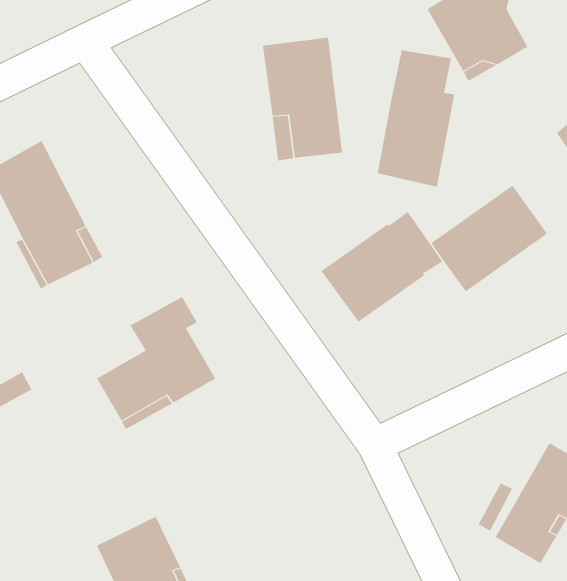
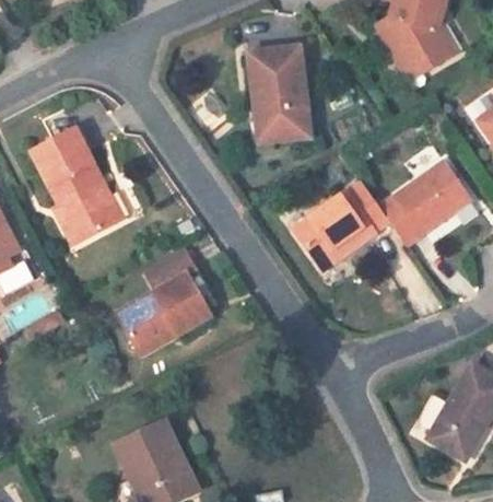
building: [377,50,455,188] -> none

